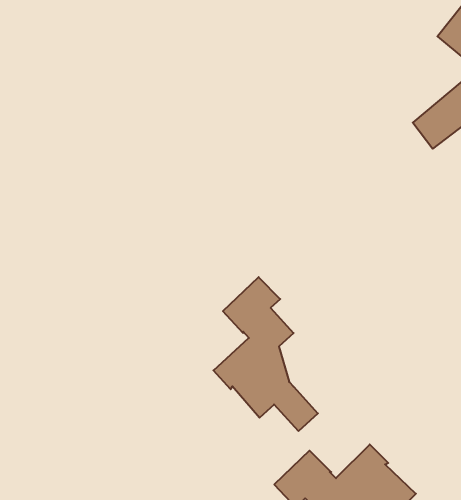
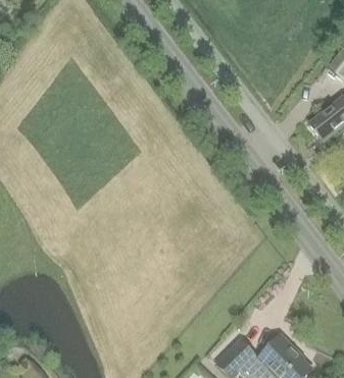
building: [213,277,318,431] -> none

